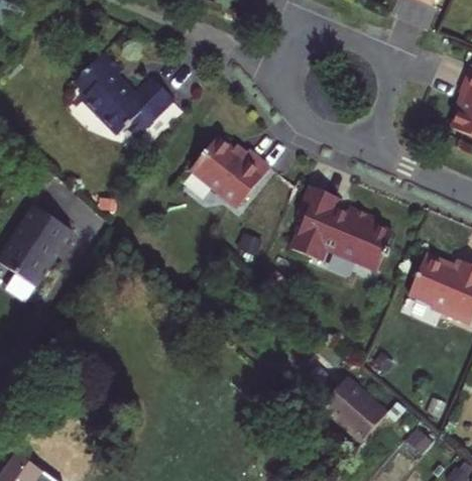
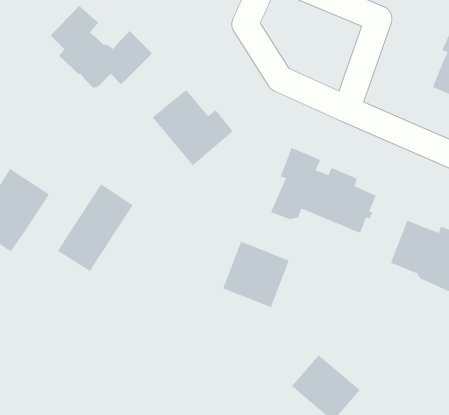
building: none -> [57,184,134,272]
building: none -> [223,241,290,308]

